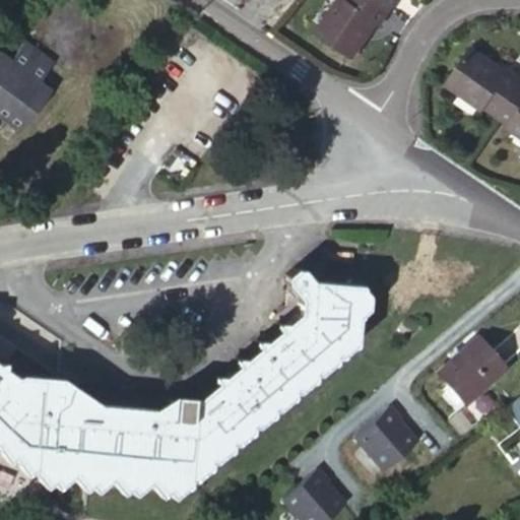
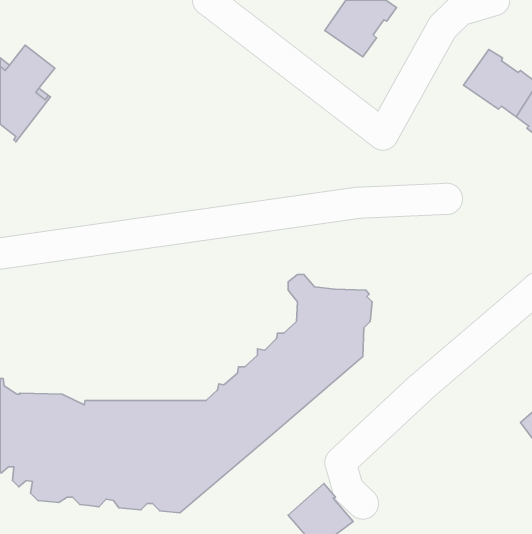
building: [440,341,508,407] -> none
building: [355,408,418,473] -> none

